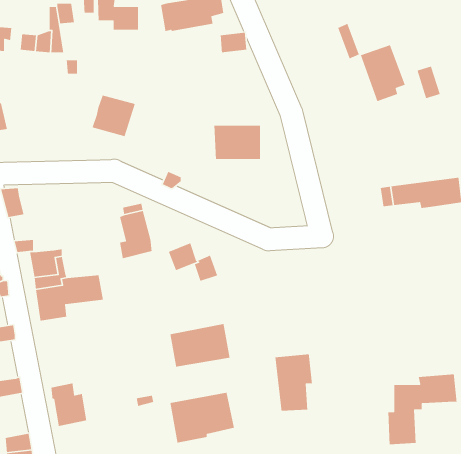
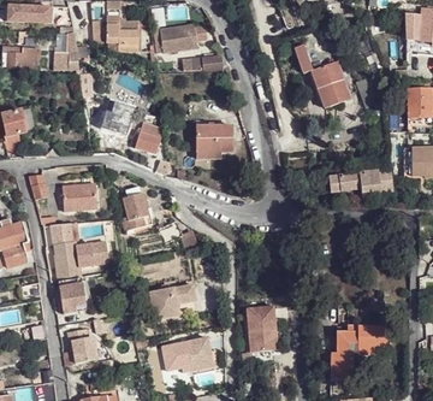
building: none -> [135,122,164,154]
building: none -> [63,183,97,211]
building: none -> [57,278,83,309]

